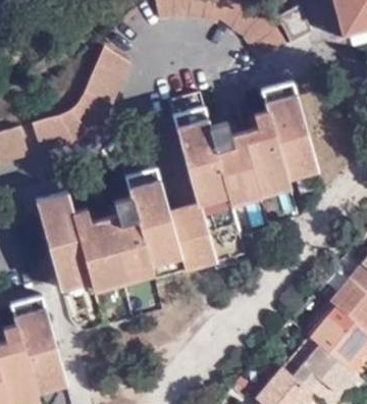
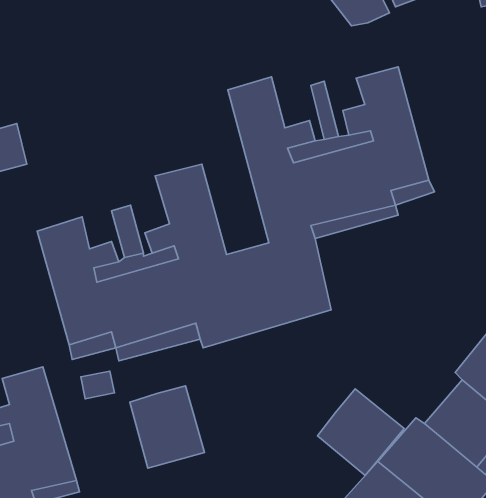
building: [34,51,128,153] -> none
building: none -> [130,386,205,468]
building: none -> [318,389,404,476]

